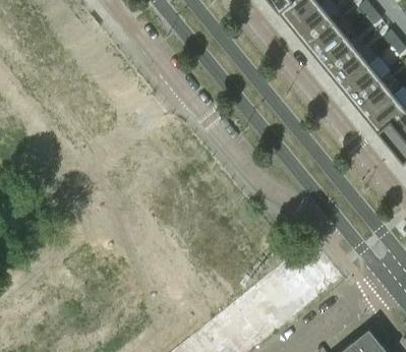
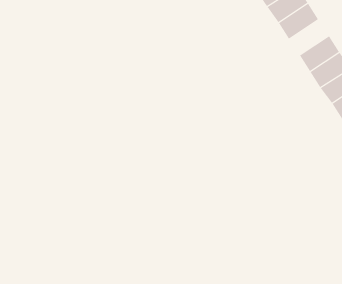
building: [314,34,355,72] -> none

